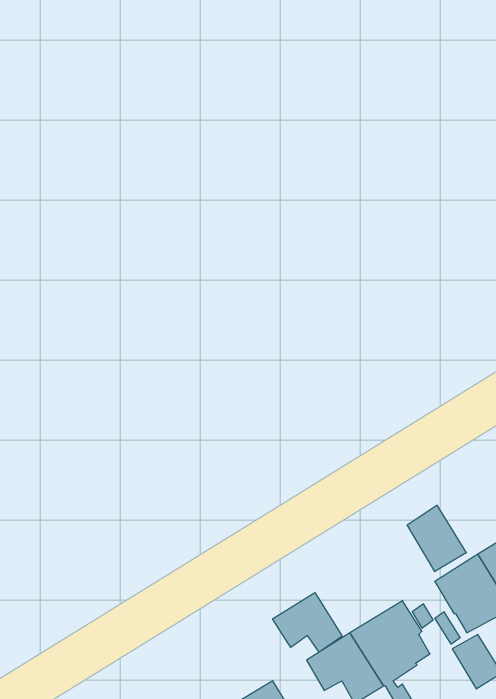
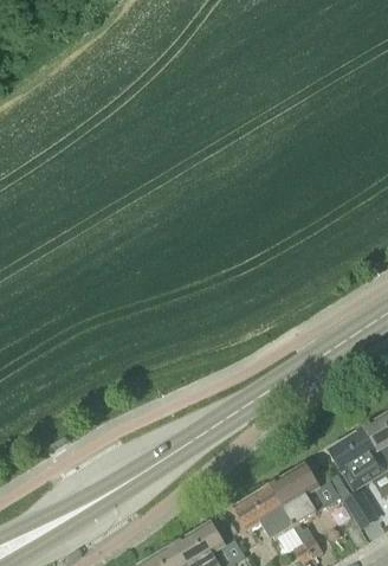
building: [407,505,466,572] -> none
building: [273,593,342,652] -> none

